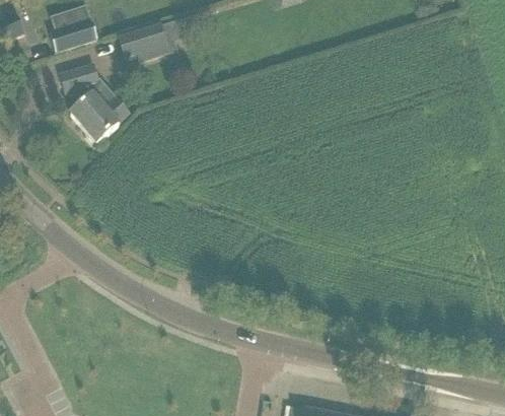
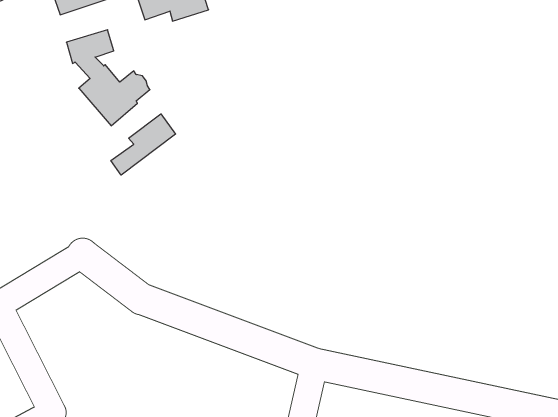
building: none -> [111,114,176,175]

